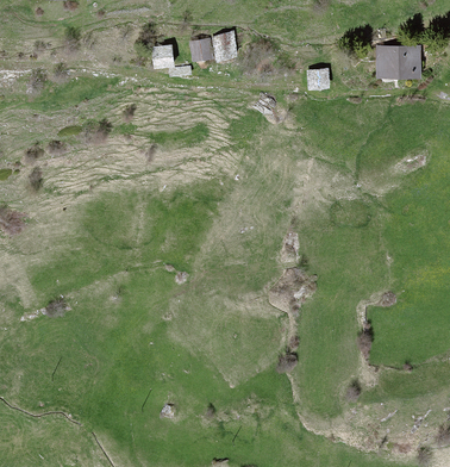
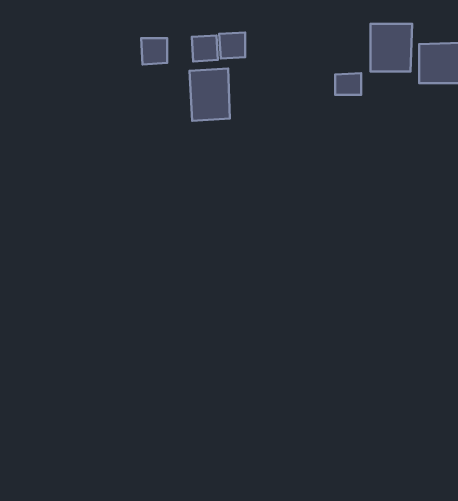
building: none -> [370,24,412,71]
building: none -> [189,68,230,121]

